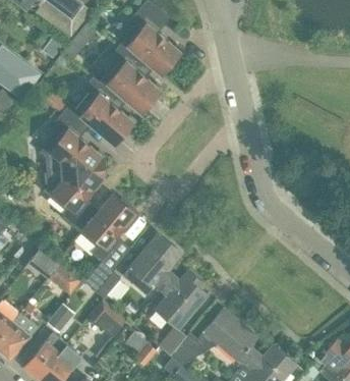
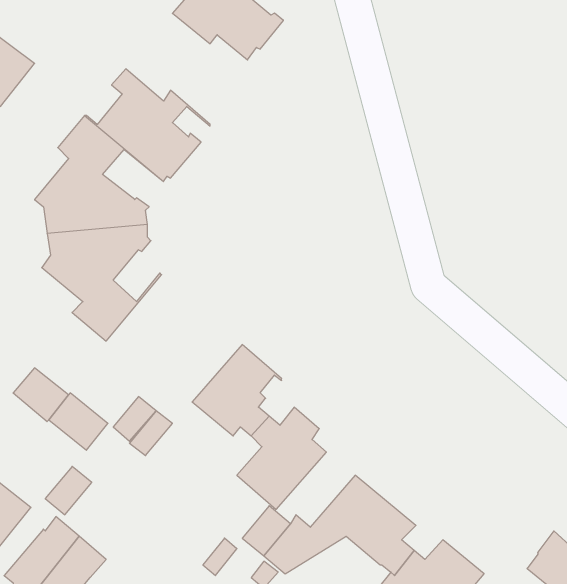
building: [92,47,161,110] -> none
building: [80,196,136,262] -> none
building: [88,301,123,335] -> none

